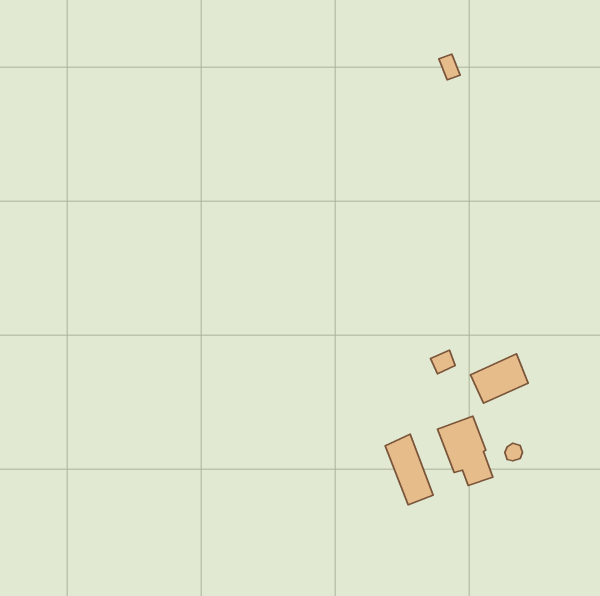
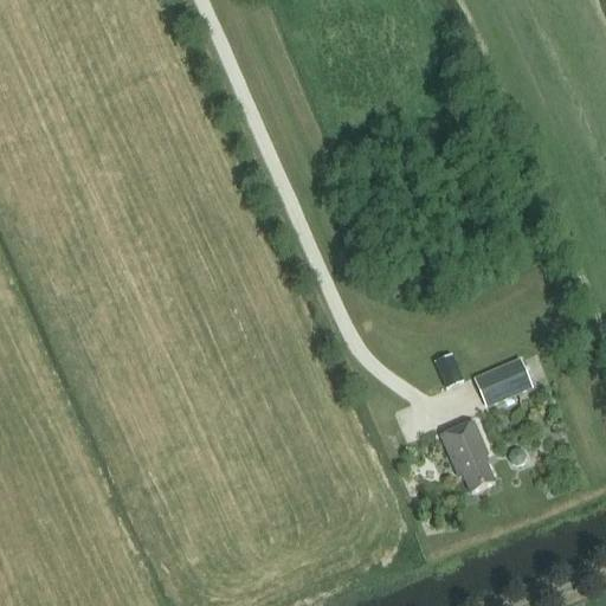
building: [385,434,433,505] -> none

